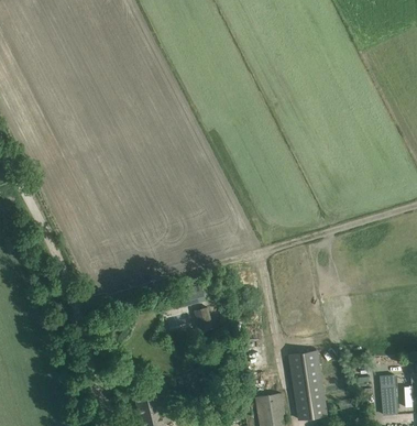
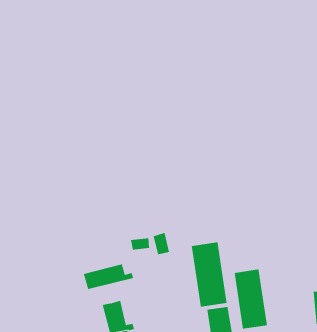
building: none -> [191,241,227,307]
building: none -> [83,263,134,290]

